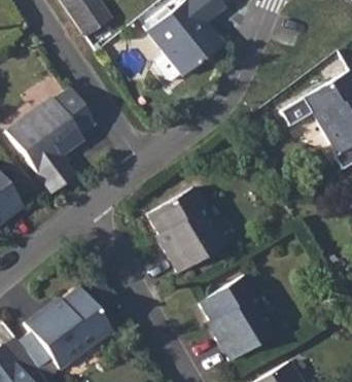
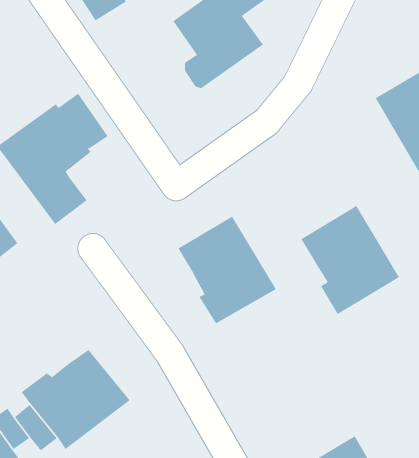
building: [200,274,278,360] -> [301,205,400,315]

